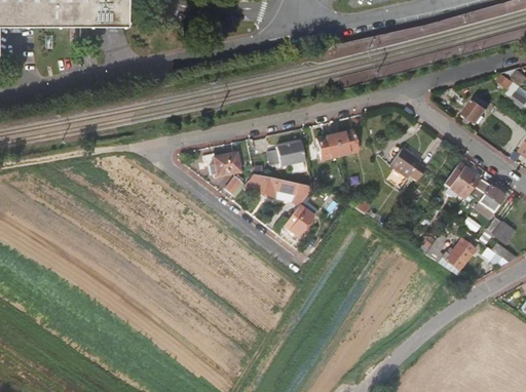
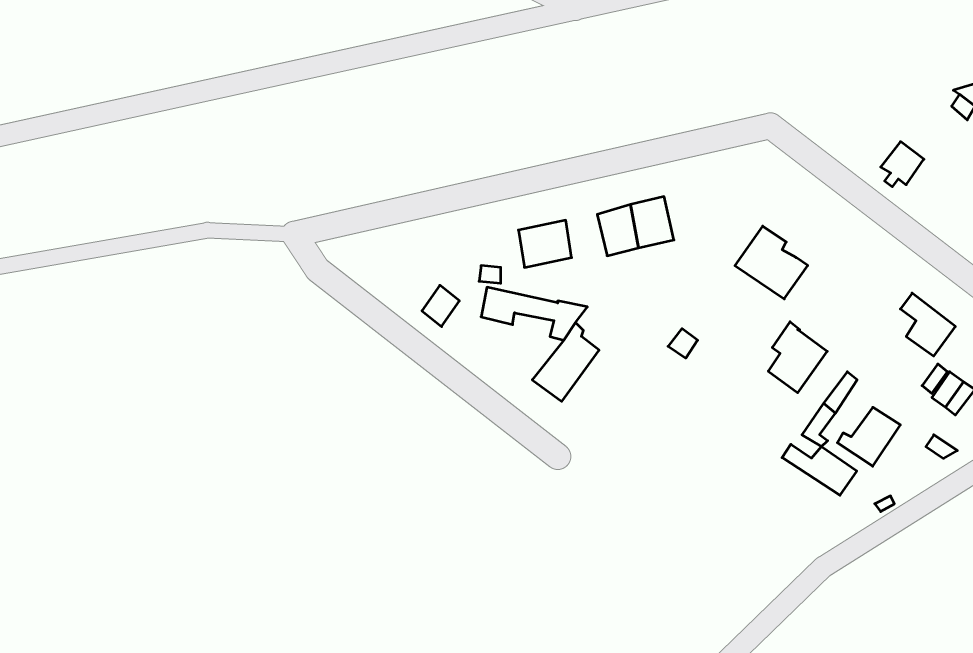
building: [201,152,238,175] -> none
building: [447,162,478,199] -> [768,322,827,393]
building: none -> [782,444,857,495]

